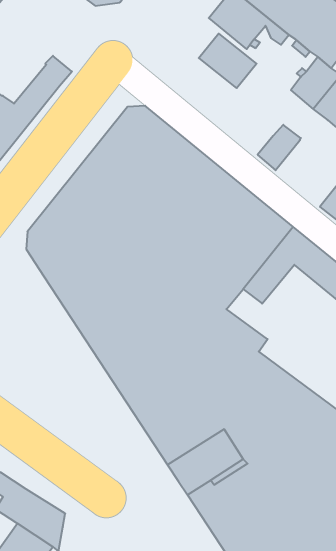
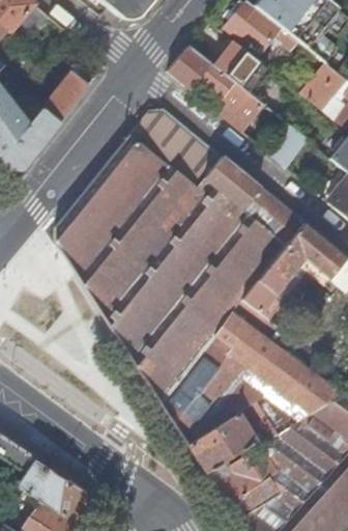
building: none -> [168,45,266,133]

